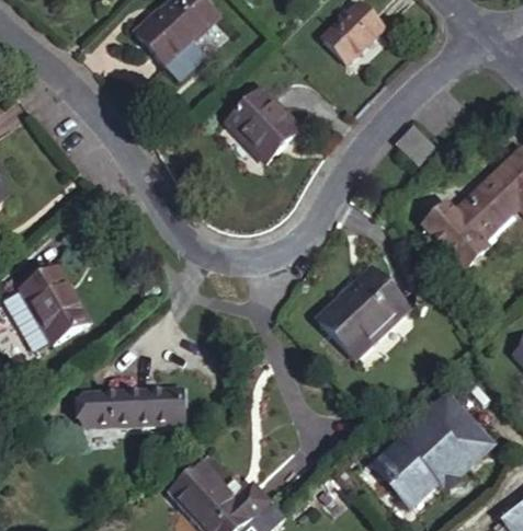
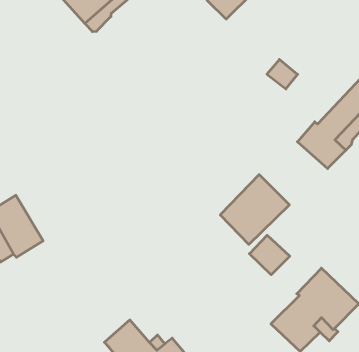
building: [225,90,299,164] -> none
building: none -> [249,235,290,275]
building: [81,382,185,423] -> none

